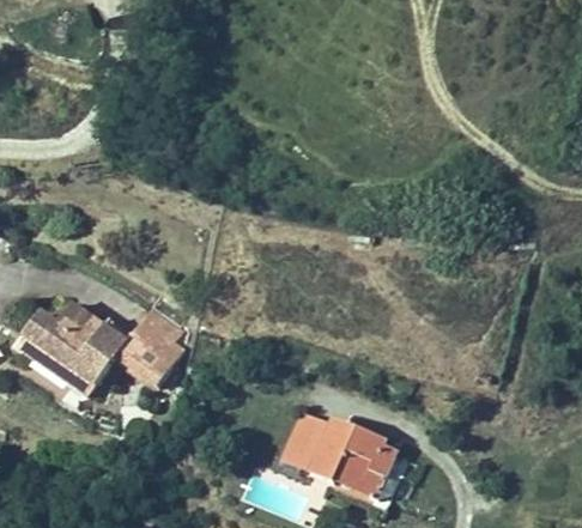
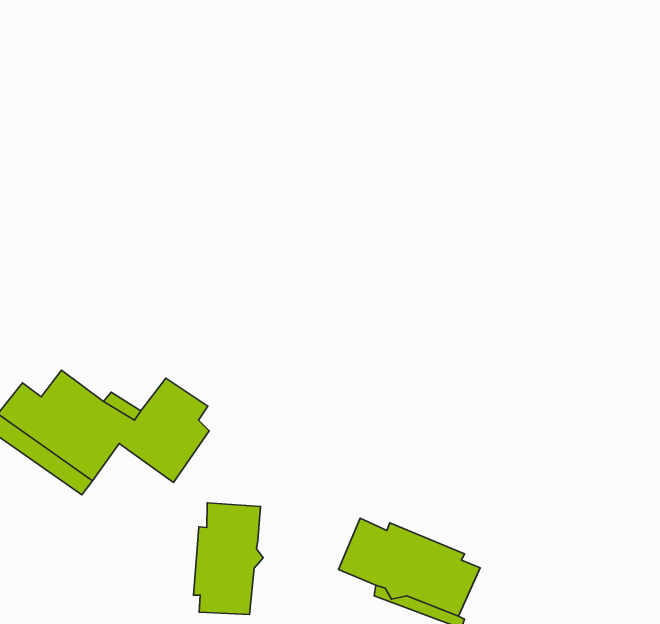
building: none -> [194,503,263,615]

